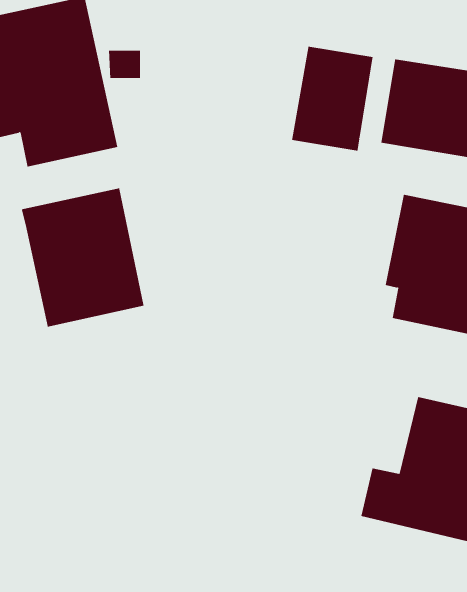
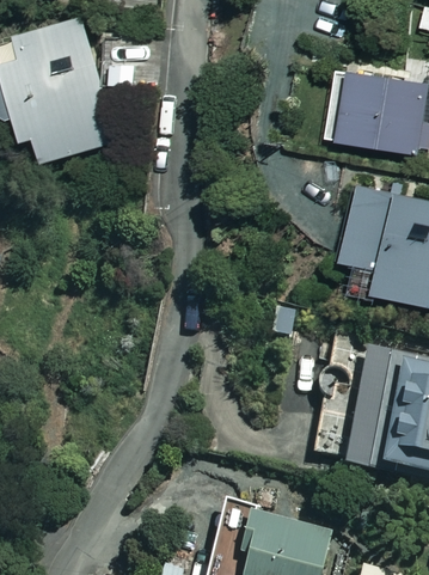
building: [292,46,373,152] -> none
building: [21,187,144,327] -> none

